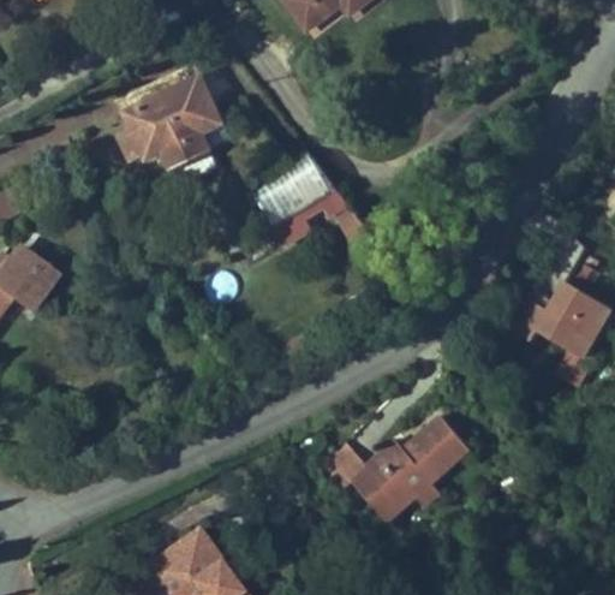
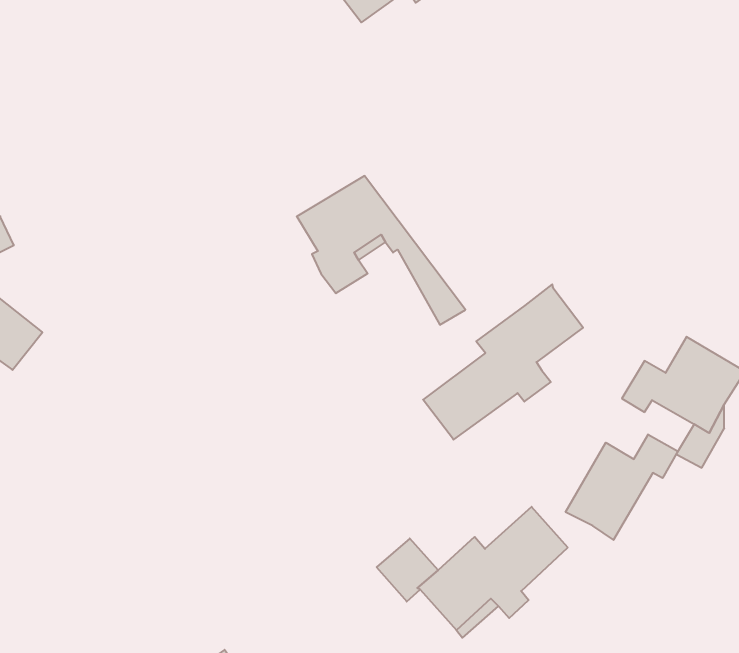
building: [119,77,221,183] -> none
building: none -> [423,284,583,440]
building: none -> [566,434,678,540]

